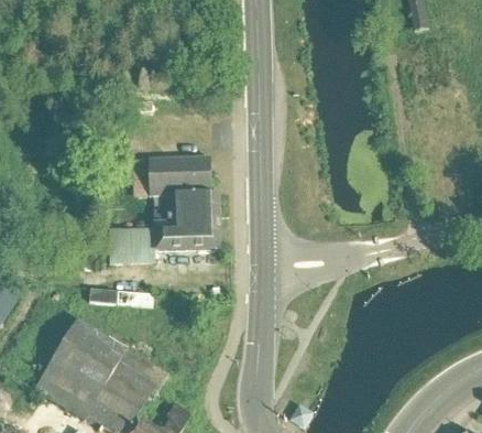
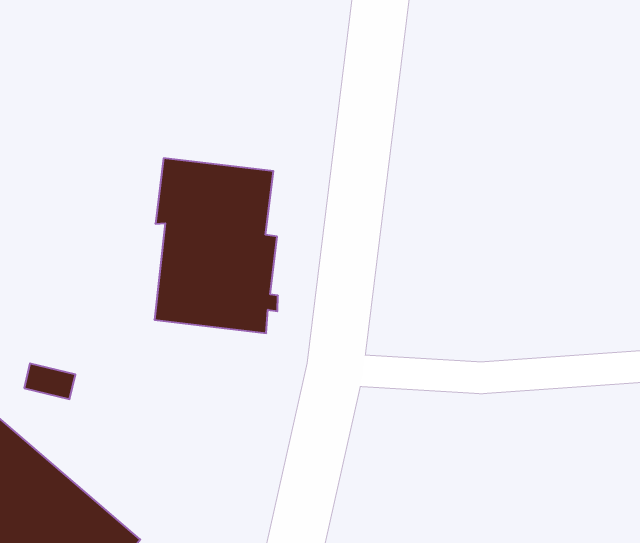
building: [106,224,150,260] -> none

